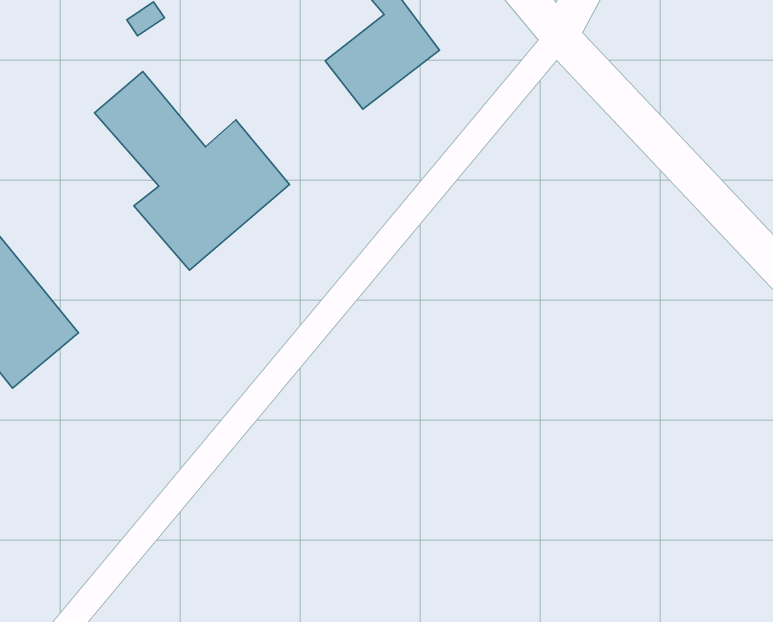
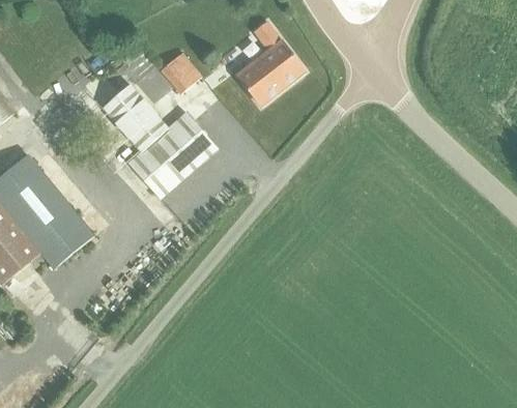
building: none -> [161,50,200,91]

